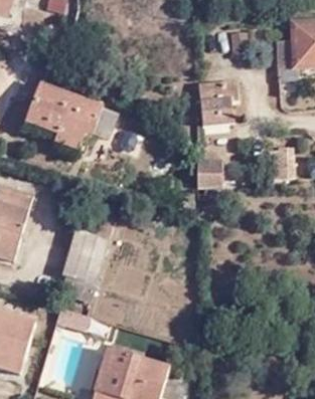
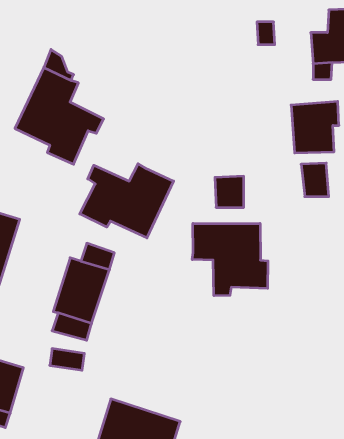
building: [193,80,233,124] -> [291,101,339,153]
building: none -> [80,164,174,238]
building: none -> [192,223,268,296]

